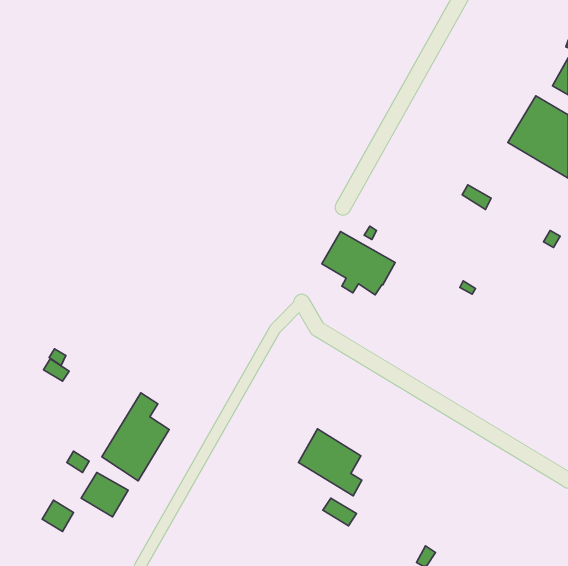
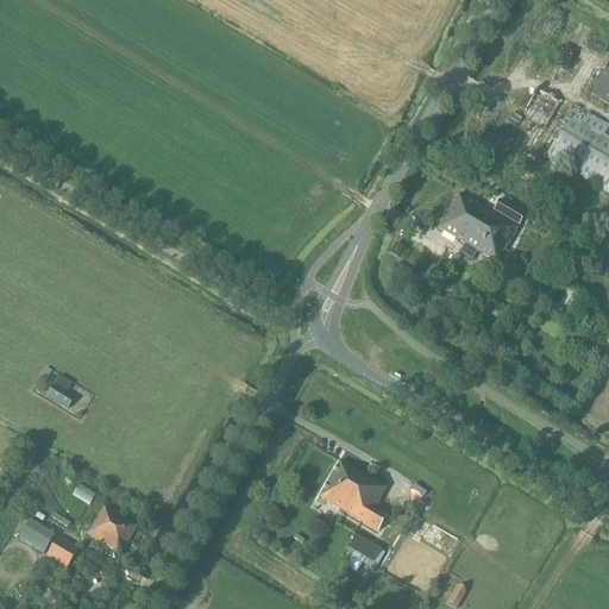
building: [322,231,395,295] -> [438,193,516,260]
building: [102,393,169,481] -> none
building: none -> [18,519,54,552]

